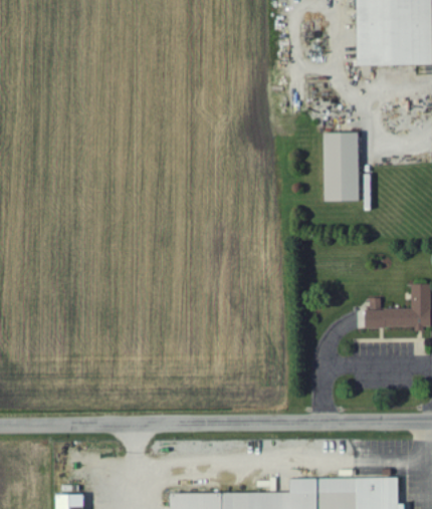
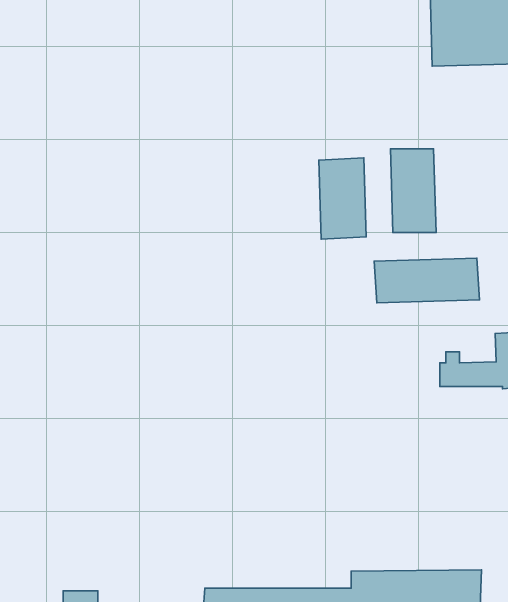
building: none -> [319,158,366,239]
building: none -> [374,258,479,303]

